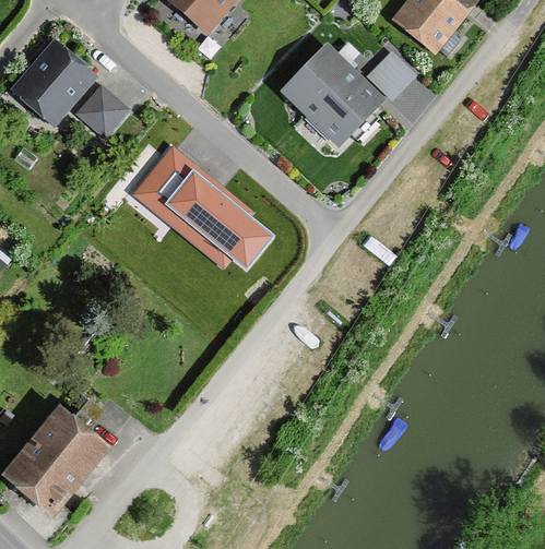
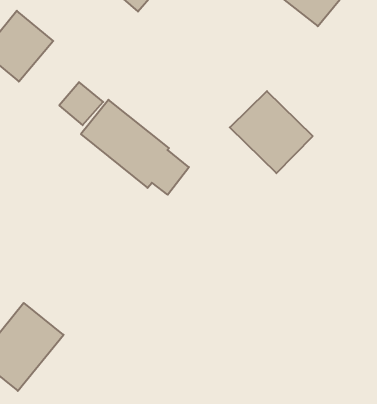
building: [280,47,384,151] -> [230,91,313,173]
building: [363,50,413,100] -> none
building: [74,82,130,136] -> [59,82,103,125]

